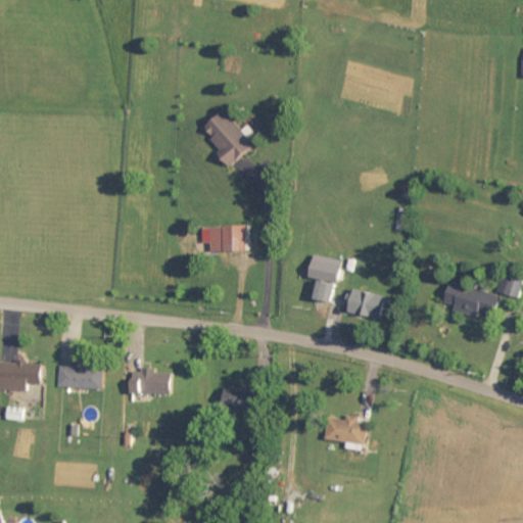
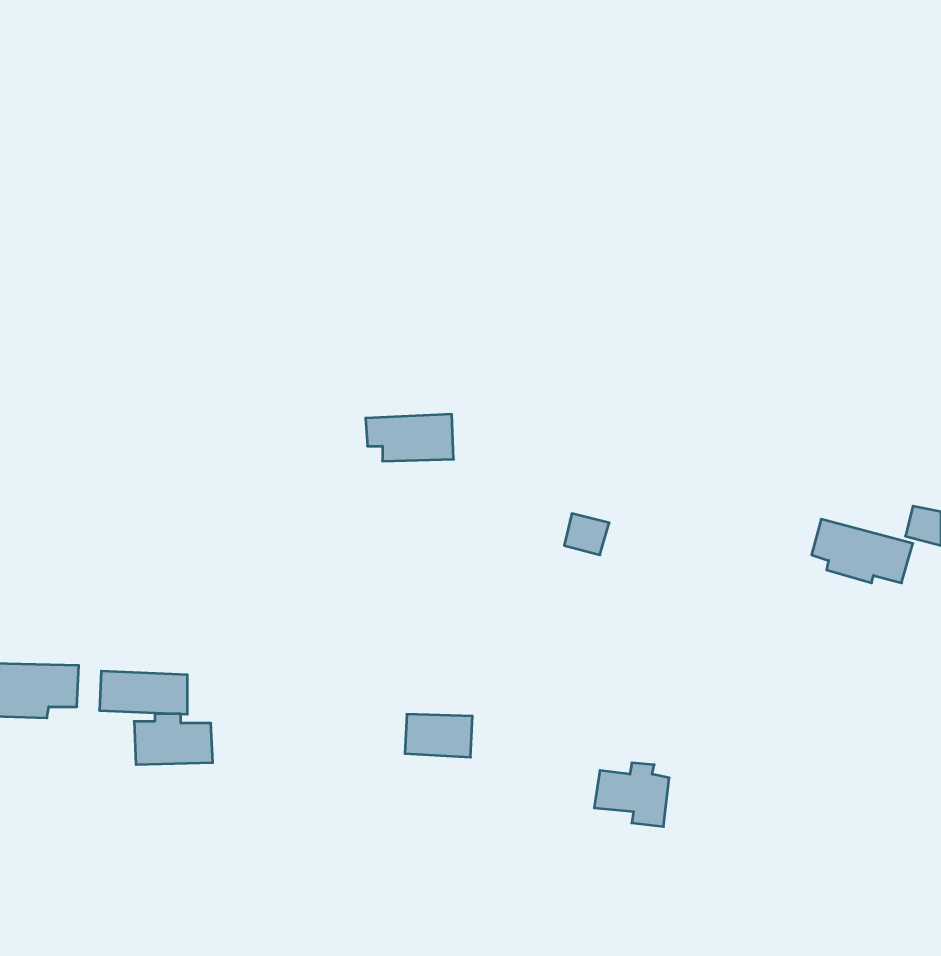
building: [203,112,253,165] -> none
building: [307,254,341,285] -> none
building: [346,288,383,320] -> none
building: [128,368,171,395] -> [134,714,213,765]

